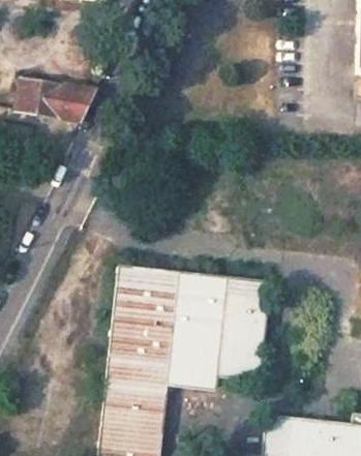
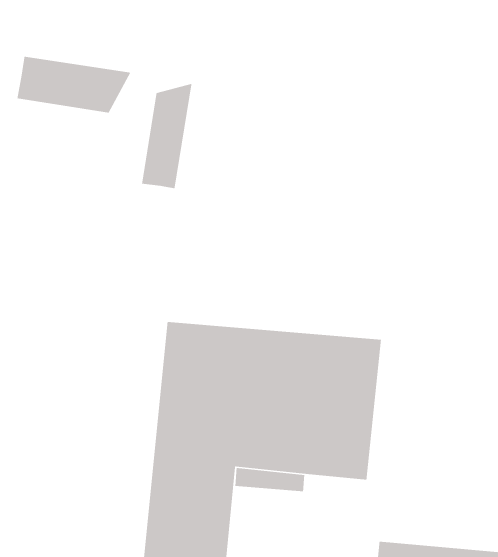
building: none -> [141,83,193,189]

